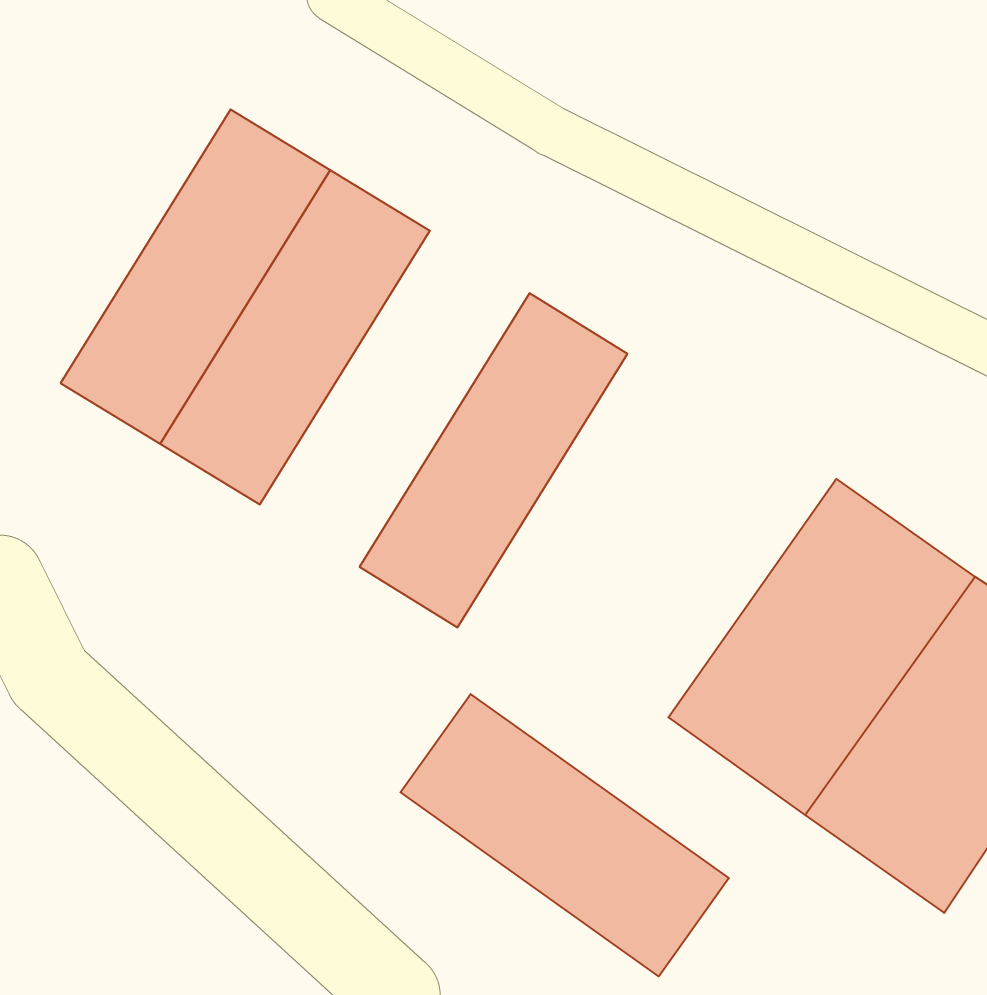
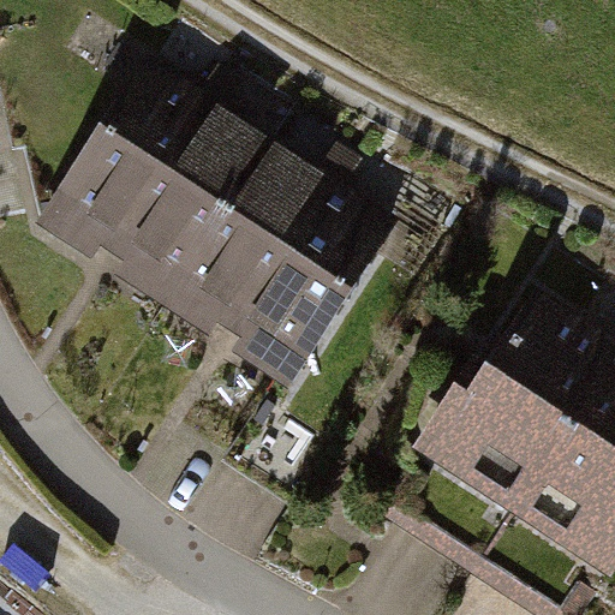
building: none -> [167,142,333,348]
building: [400,694,729,976] -> none

